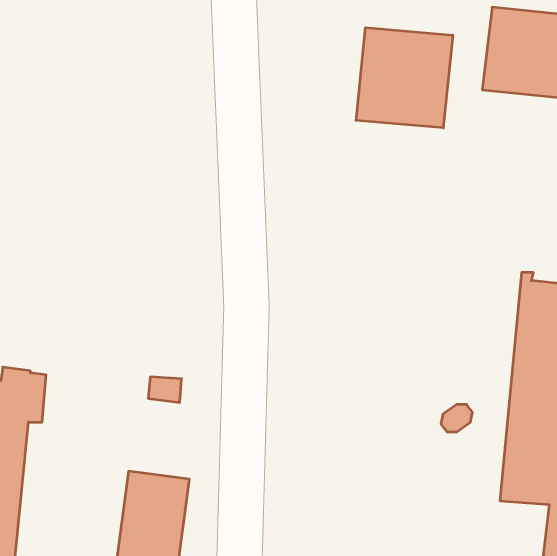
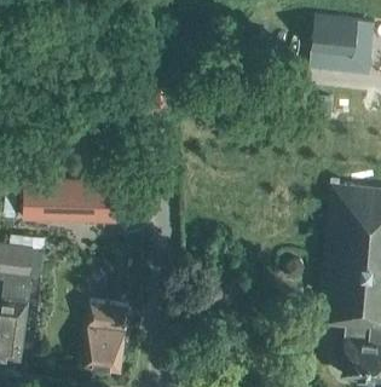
building: [356,28,453,128] -> none
building: none -> [24,179,116,220]

